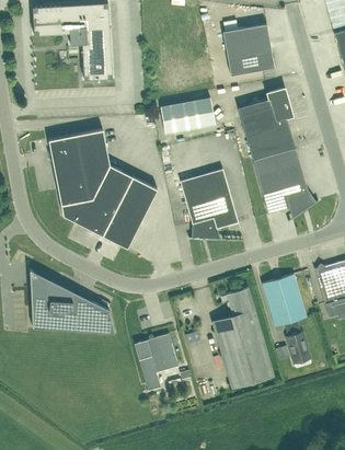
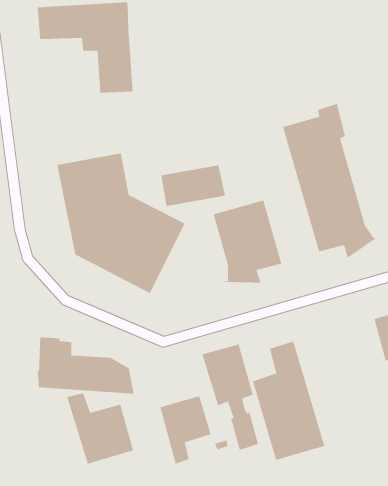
building: [222,23,274,74] -> none
building: [161,97,216,132] -> [160,165,226,206]
building: [262,274,310,364] -> [201,344,259,451]
building: none -> [66,393,134,464]

